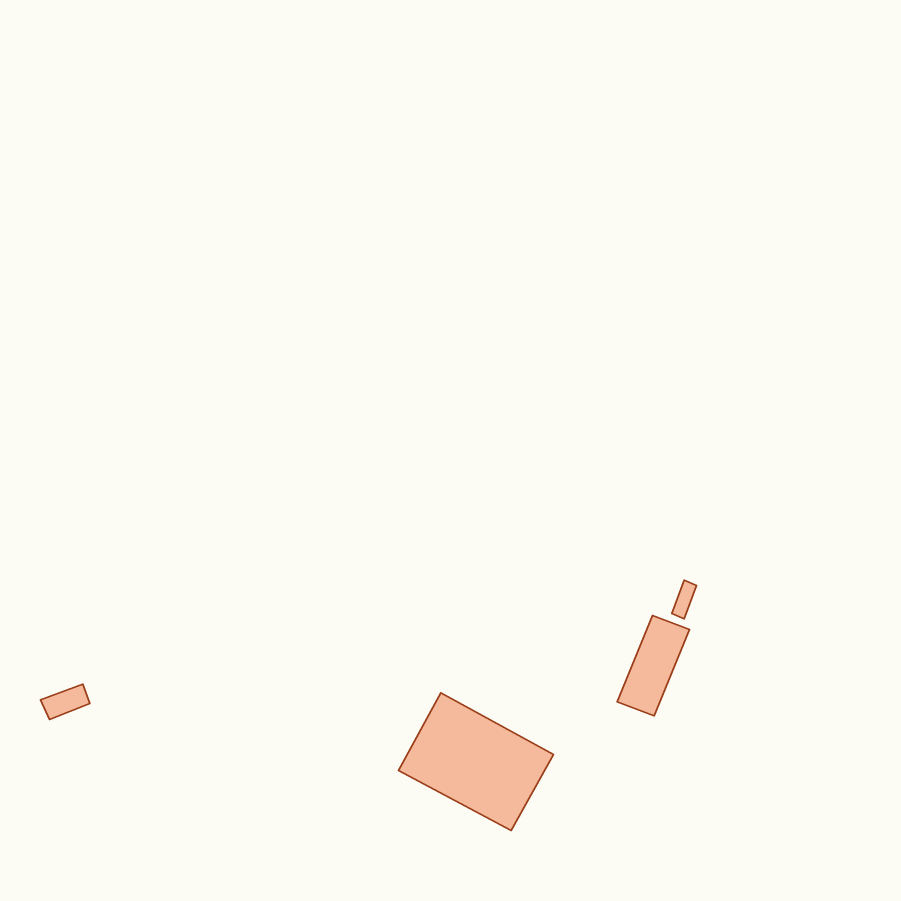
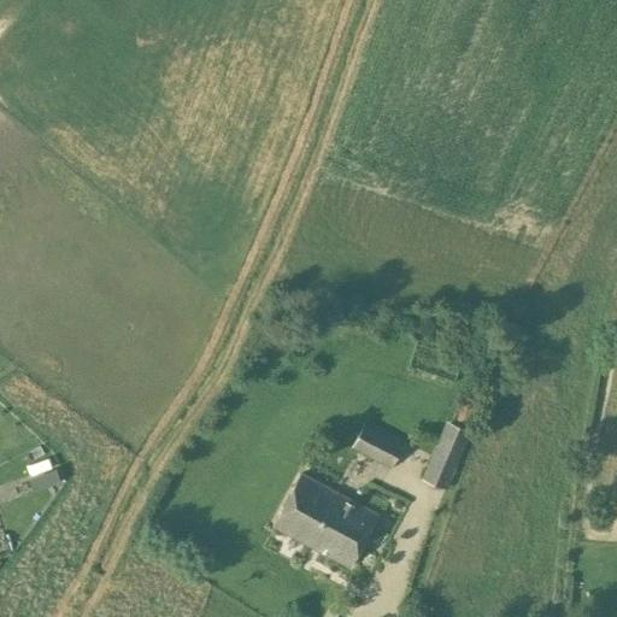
building: none -> [348,415,406,468]

